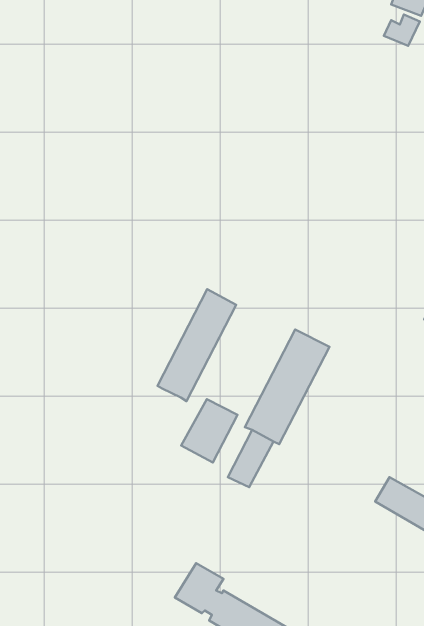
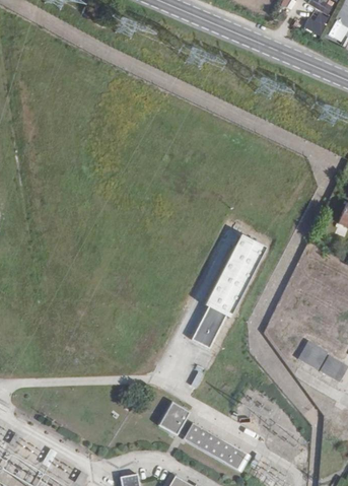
building: [157,289,236,401] -> none
building: [181,399,237,463] -> none

